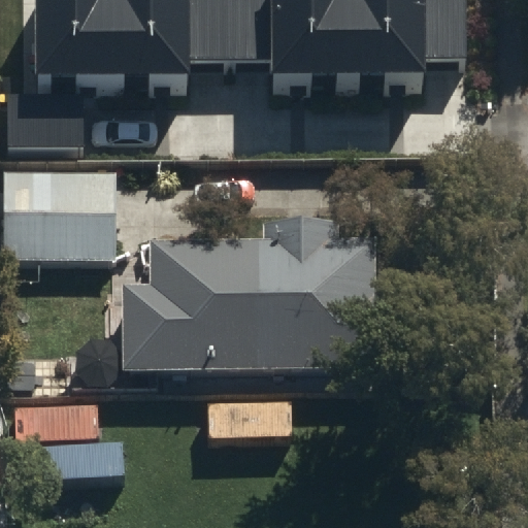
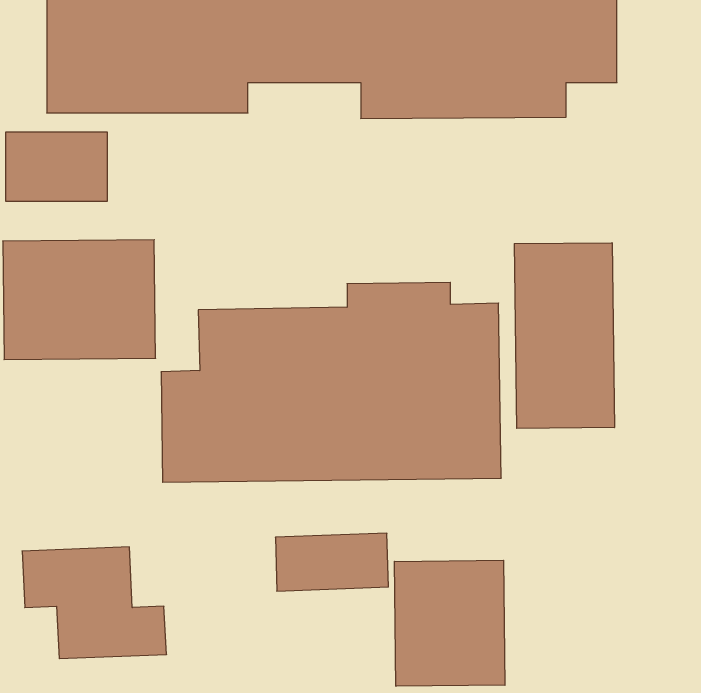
building: none -> [514,243,614,428]
building: none -> [394,560,505,686]

